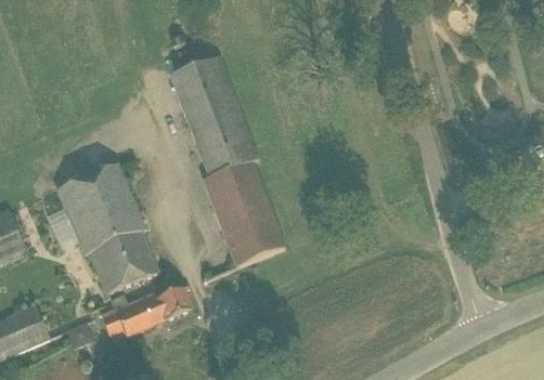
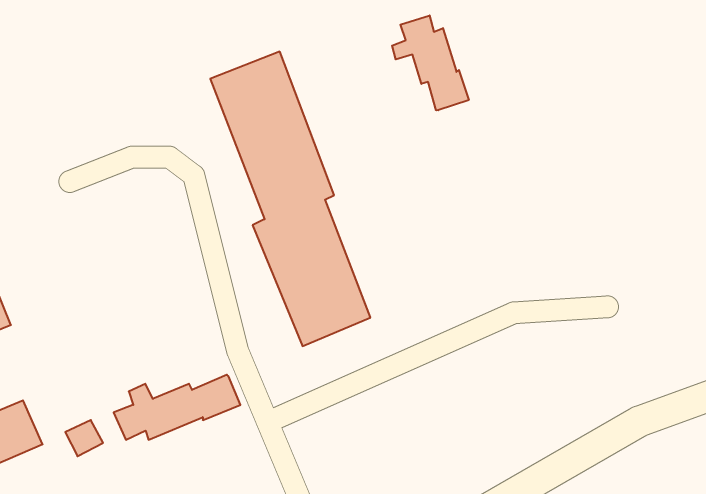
building: none -> [392,15,469,110]
building: [59,162,158,292] -> none

